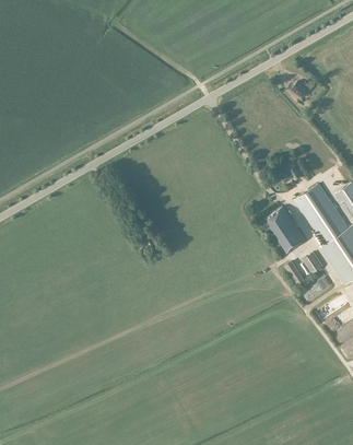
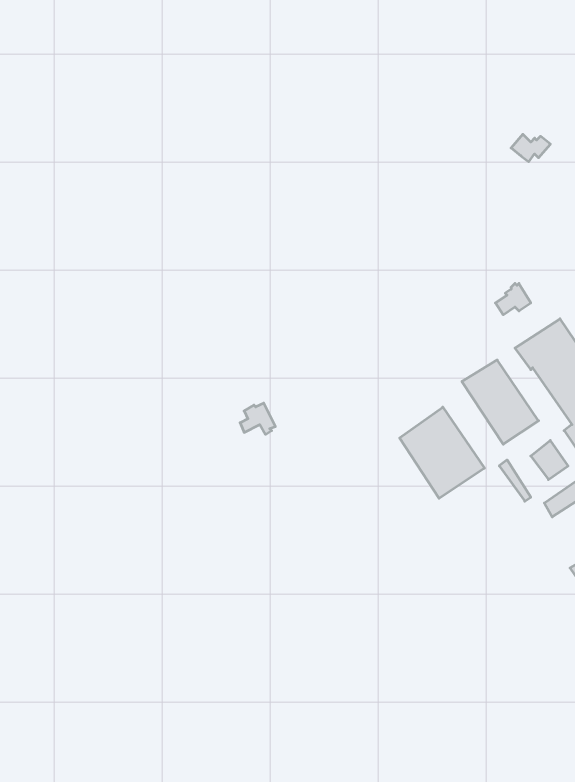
building: none -> [400,407,484,498]

